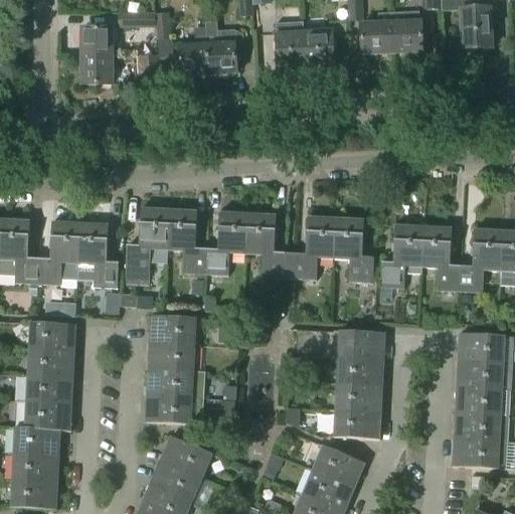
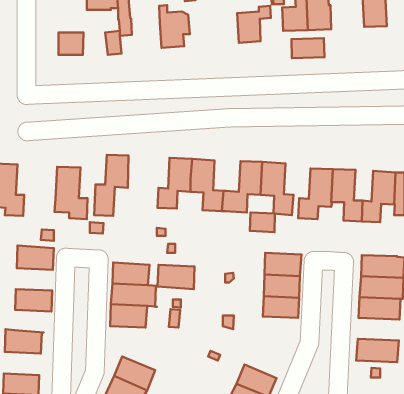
building: [276,20,306,68] -> none
building: [179,21,209,75] -> none
building: [80,26,112,54] -> none
building: none -> [291,38,324,58]
building: [167,208,205,274] -> none
building: [36,220,78,290] -> none
building: none -> [250,212,275,232]
building: [149,315,195,345] -> [158,265,195,289]
building: [27,349,73,377] -> none
building: [25,401,71,430] -> none
building: [334,409,380,439] -> none
building: [455,411,507,440] -> none
building: [160,436,211,477] -> none
building: [313,446,363,487] -> none
building: [12,454,58,483] -> none

